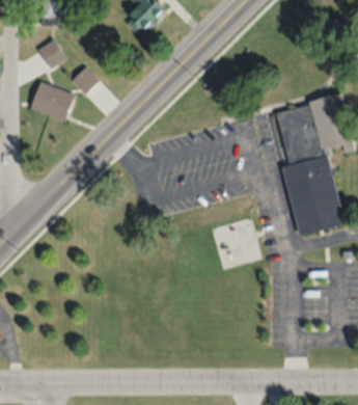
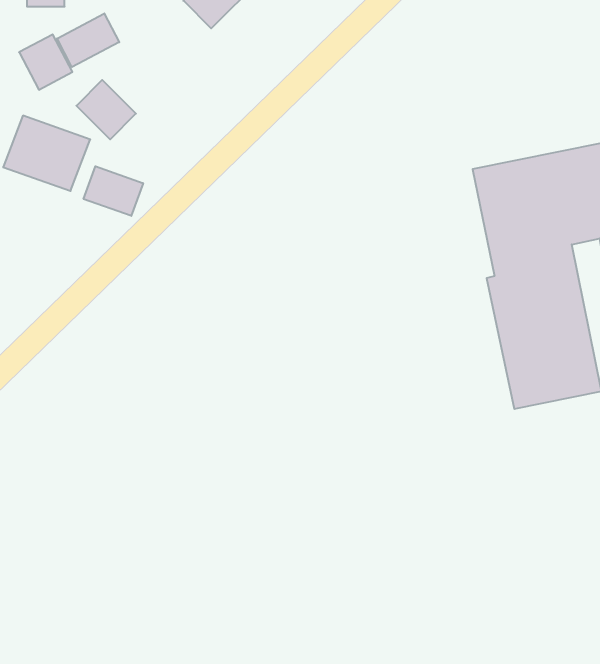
building: none -> [57,13,119,67]
building: none -> [84,166,143,216]

